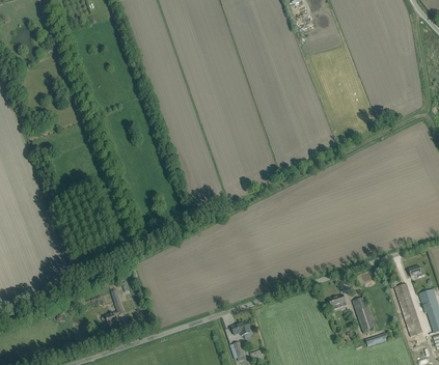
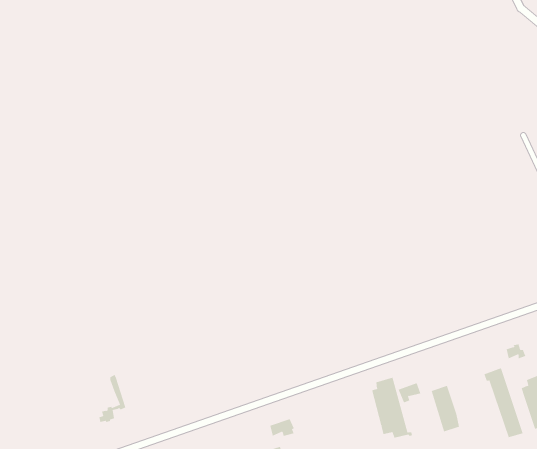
building: none -> [371,377,413,439]

